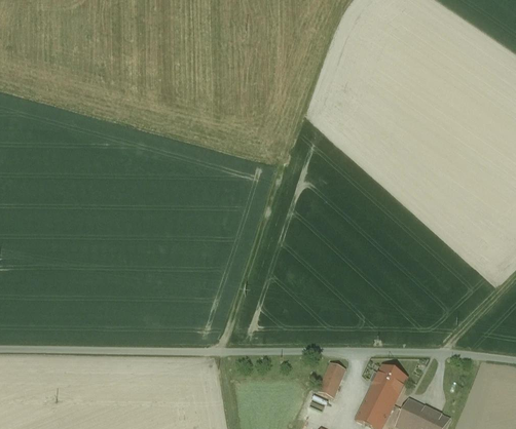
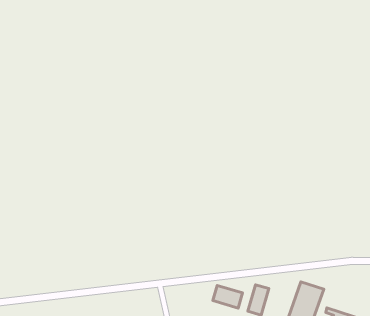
building: none -> [213,286,243,308]

